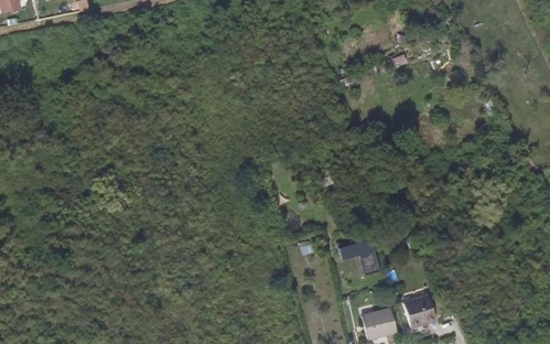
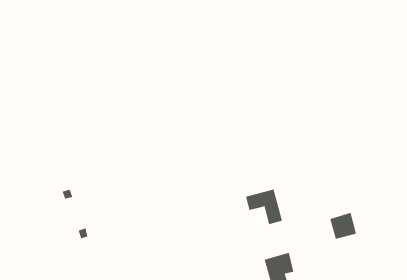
building: [407,293,439,325] -> [329,212,357,240]

